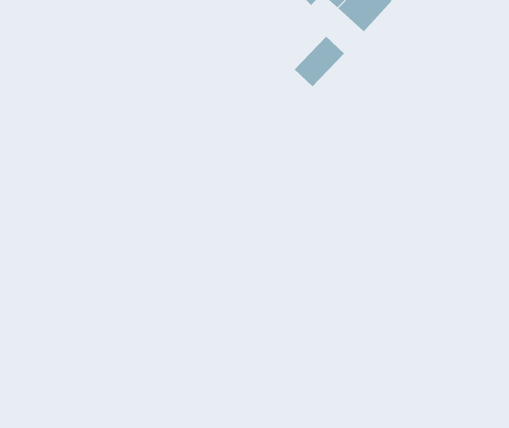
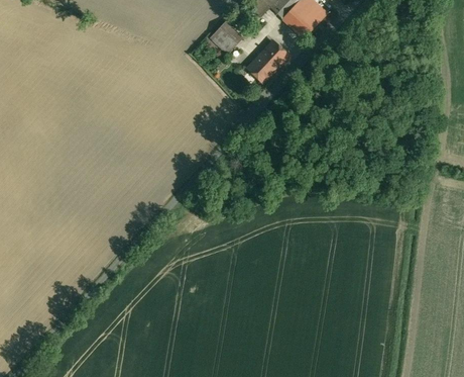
building: none -> [211,21,237,54]

